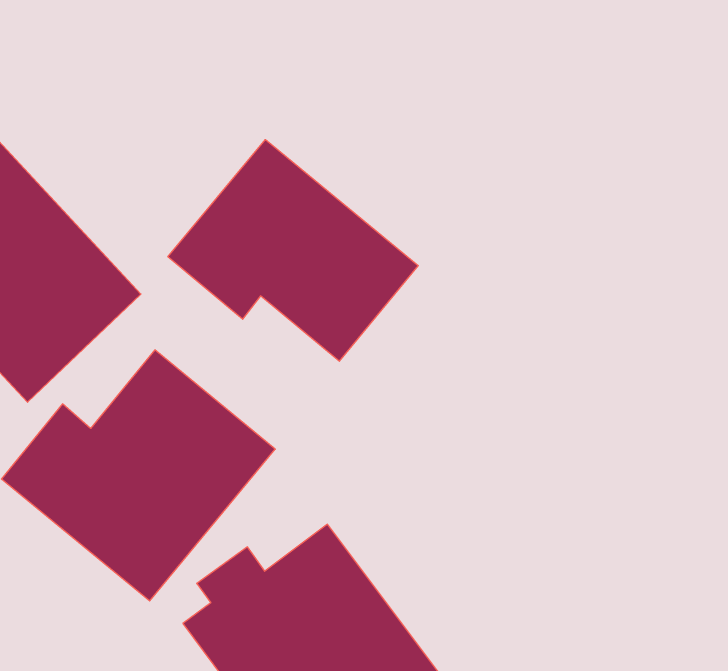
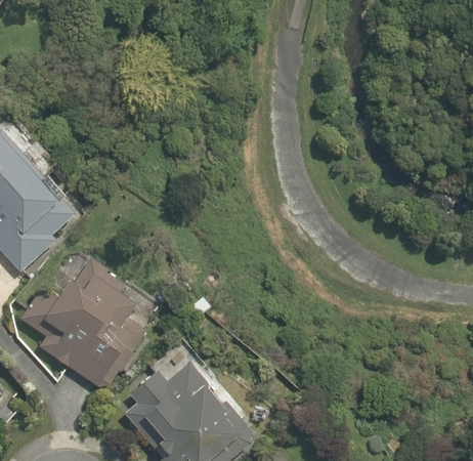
building: [168,140,418,361] -> none

